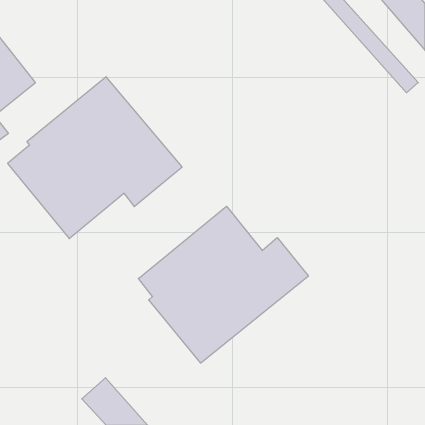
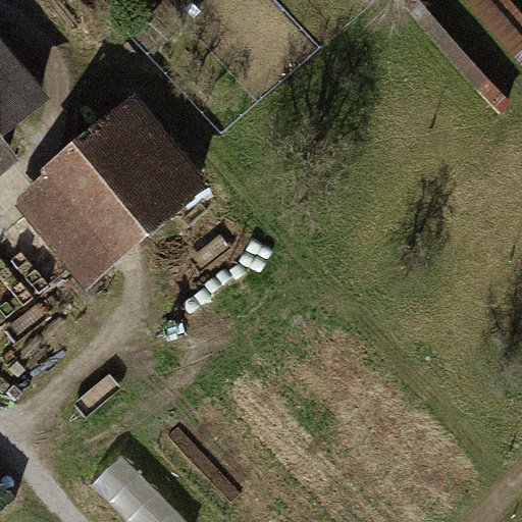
building: [138,206,308,363] -> none

